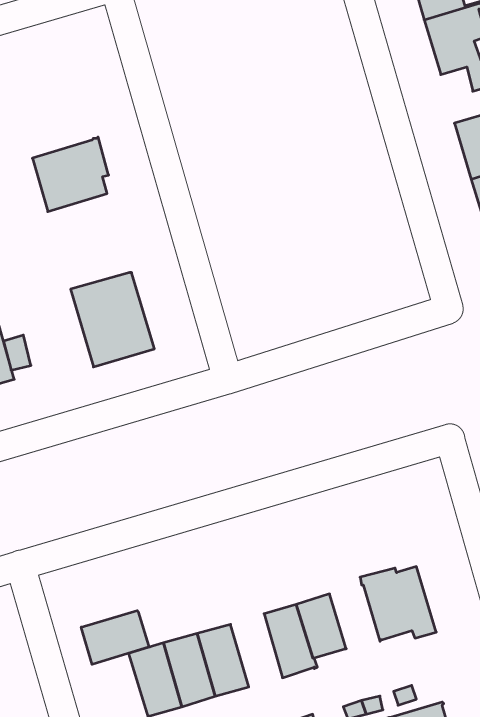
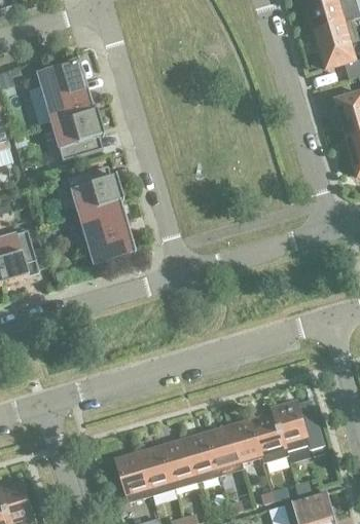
building: none -> [35,61,92,124]
building: none -> [66,165,120,213]
building: none -> [251,412,287,461]
building: [81,611,150,664] -> none
building: none -> [184,432,219,481]

